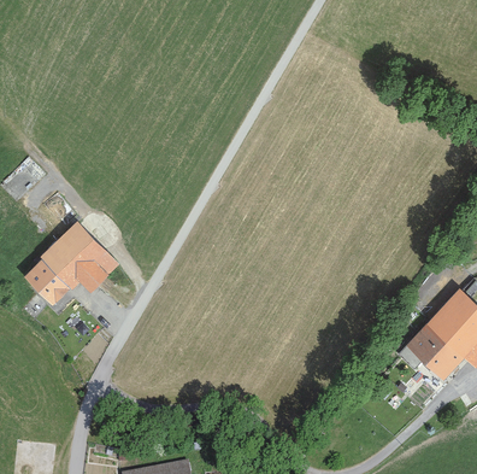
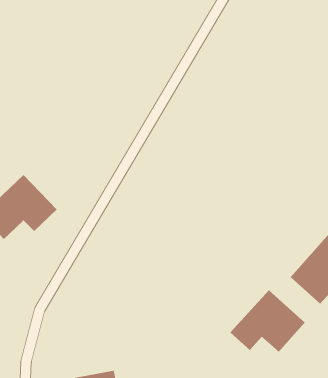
building: none -> [230,290,306,352]

